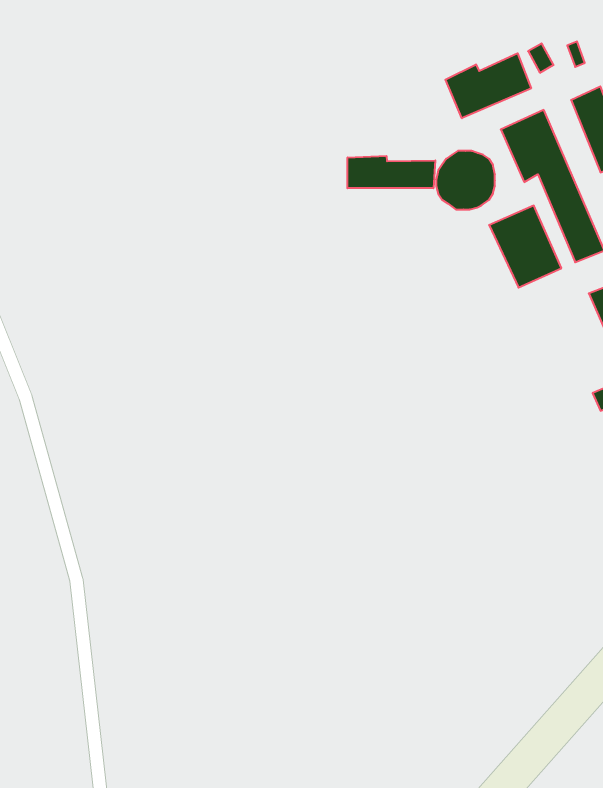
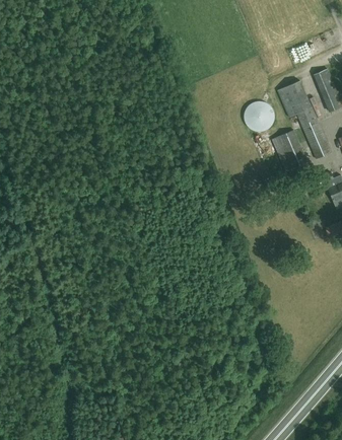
building: [445,53,531,118] -> none
building: [347,156,435,188] -> none

